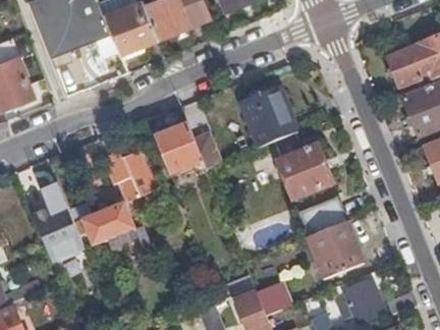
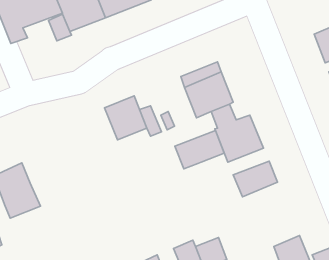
building: [104,151,159,199] -> none
building: none -> [175,130,224,169]
building: [73,201,133,262] -> none
building: [307,220,364,278] -> none

